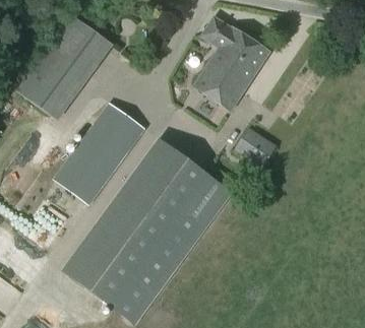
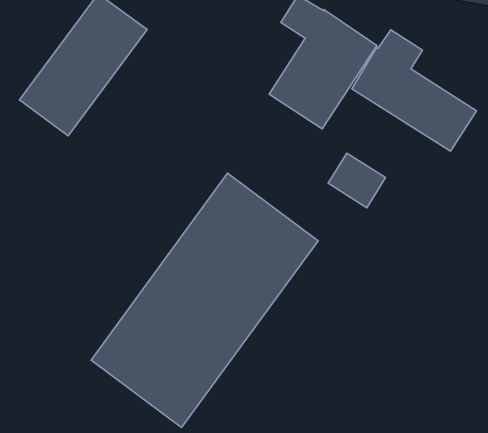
building: none -> [352,30,476,151]
building: [55,104,145,204] -> none

